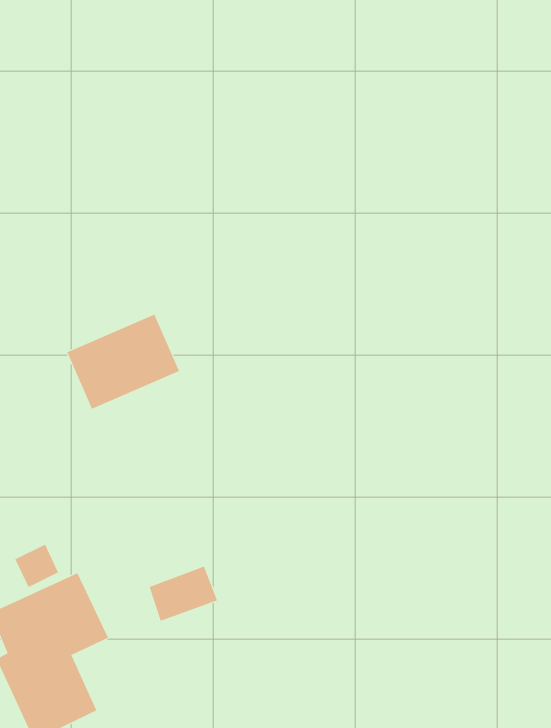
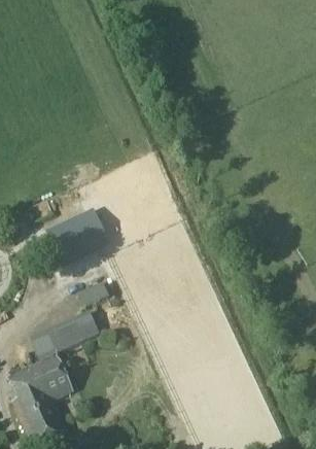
building: [149,566,218,621] -> [51,319,89,349]

